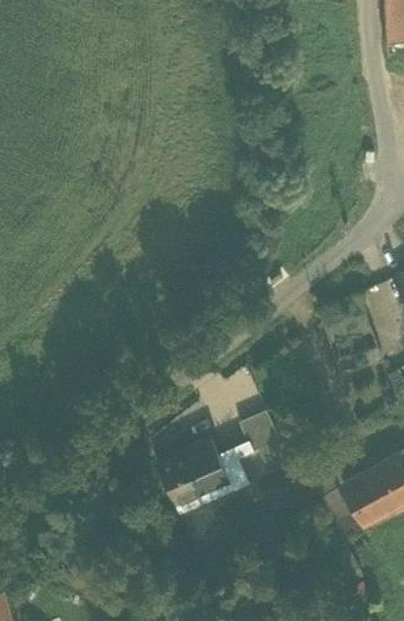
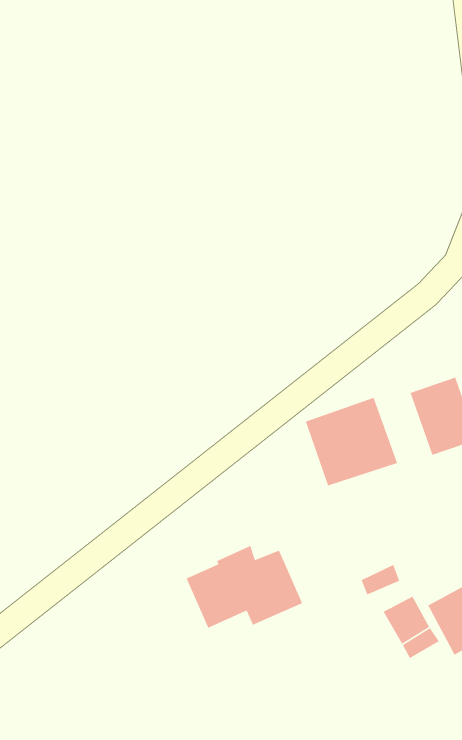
building: none -> [305,397,398,487]
building: [237,412,281,457] -> none

